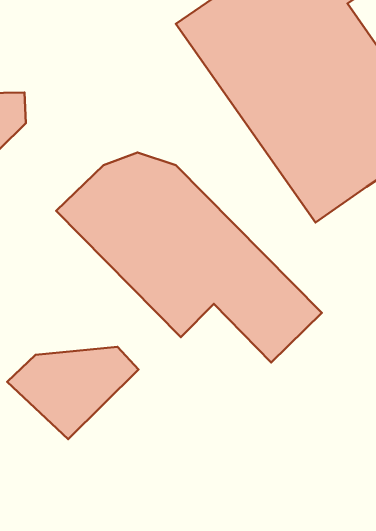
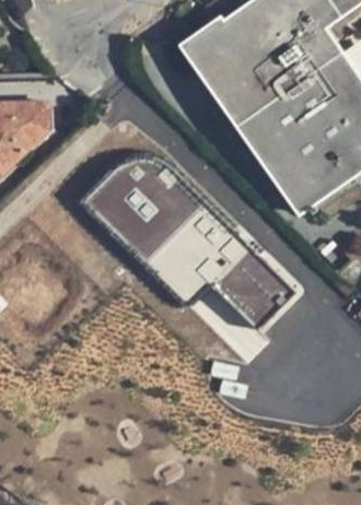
building: [7,347,138,439] -> none

